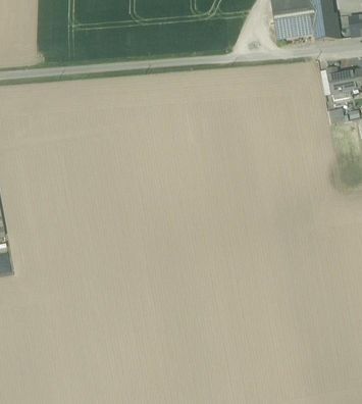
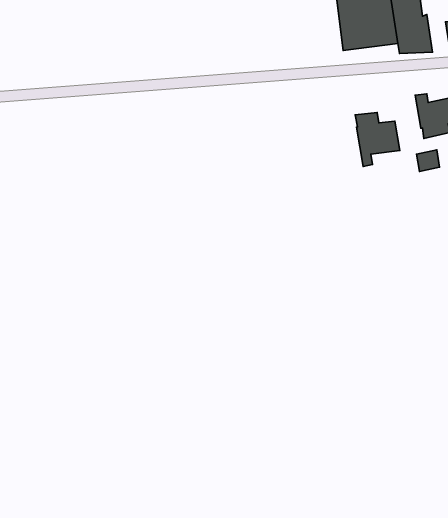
building: none -> [355,112,400,167]

